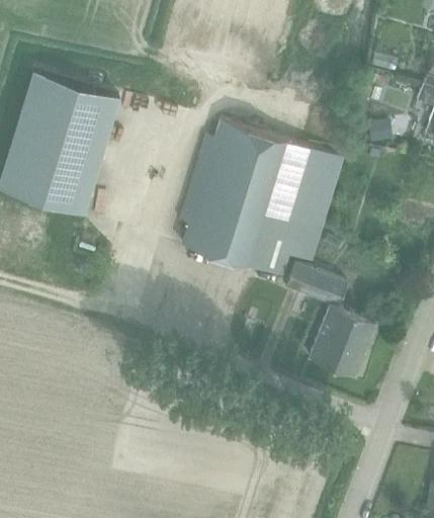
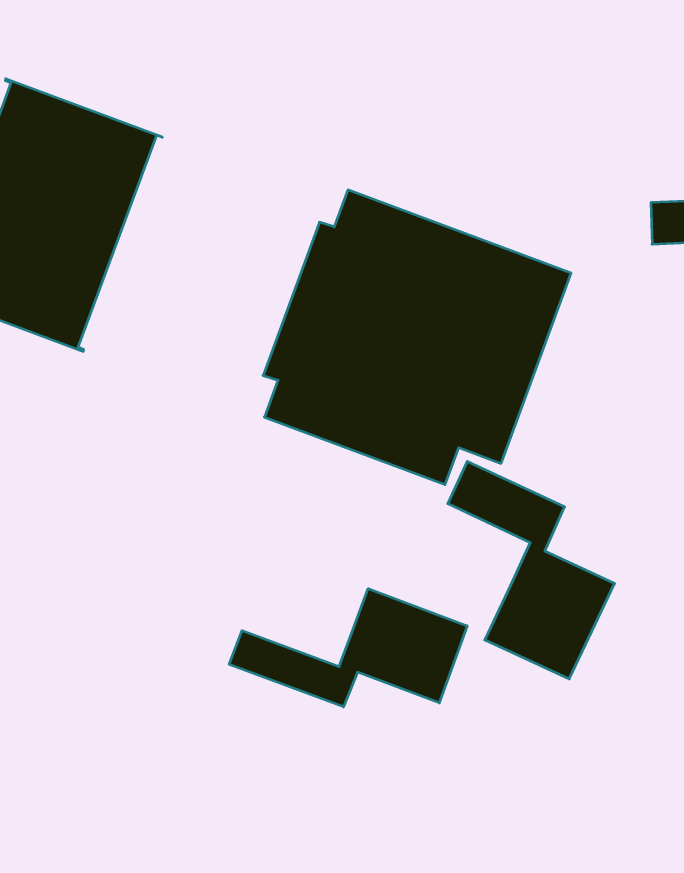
building: none -> [229,589,467,707]

